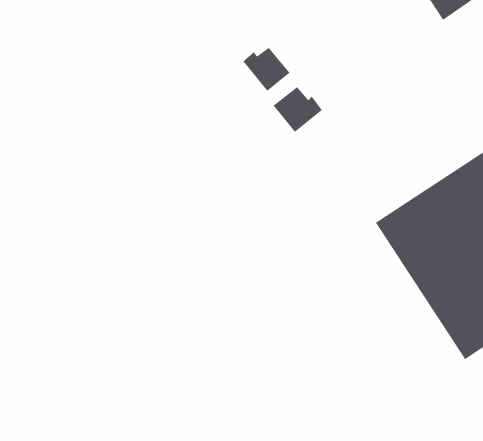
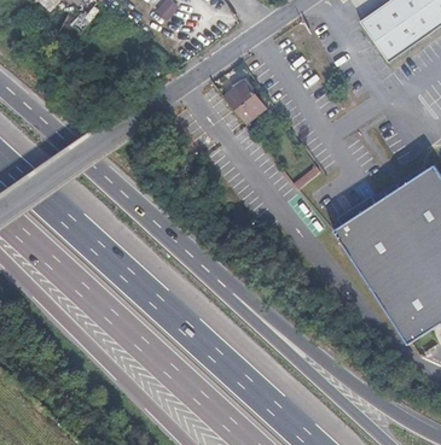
building: [273,86,323,133] -> none

